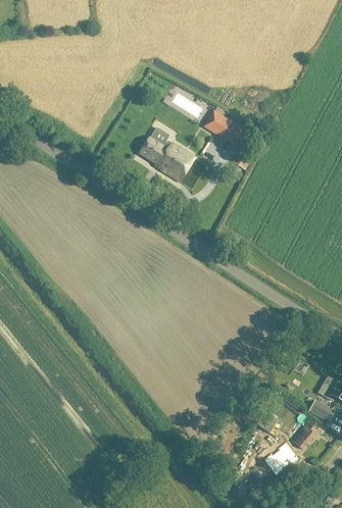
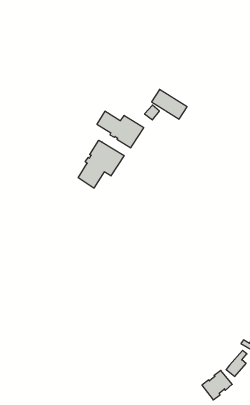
building: none -> [78,140,124,188]

